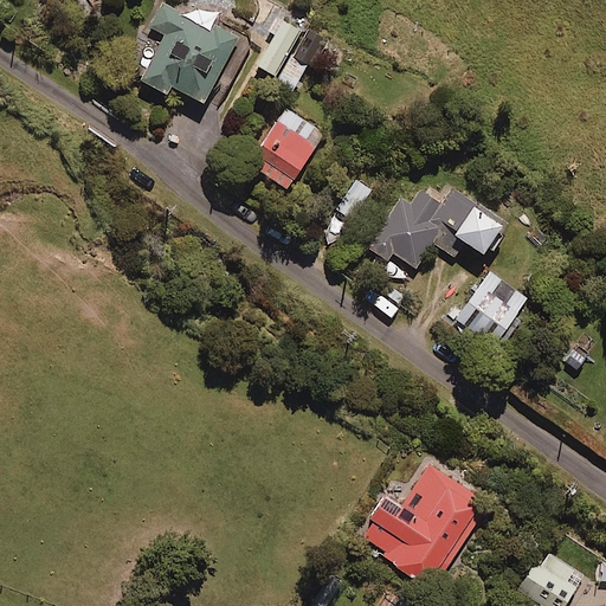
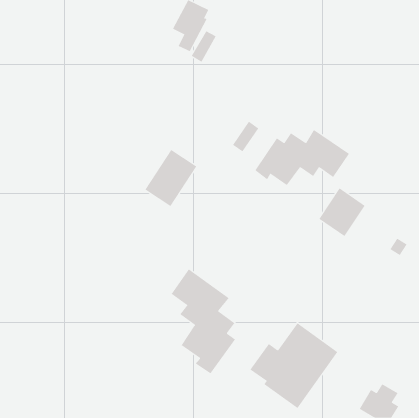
building: [140,5,238,104] -> none
building: [250,105,325,188] -> [145,149,197,207]
building: none -> [171,269,236,374]

